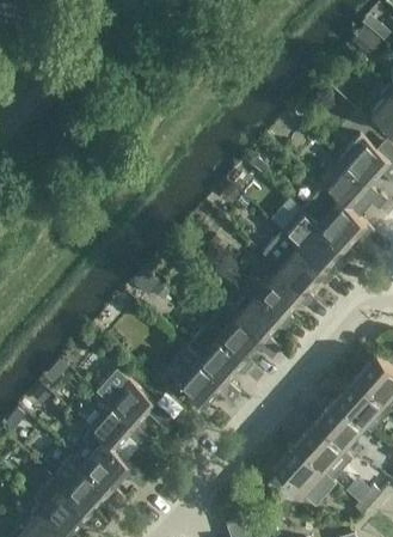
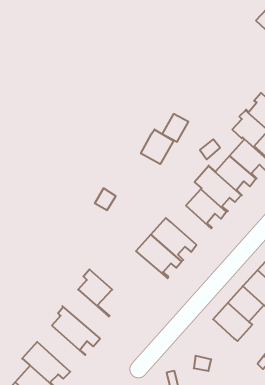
building: none -> [141,129,173,164]
building: [235,291,290,344] -> none
building: [167,353,231,407] -> none
building: [87,401,151,472] -> none
building: [272,446,321,495] -> none
building: [53,454,118,518] -> none

